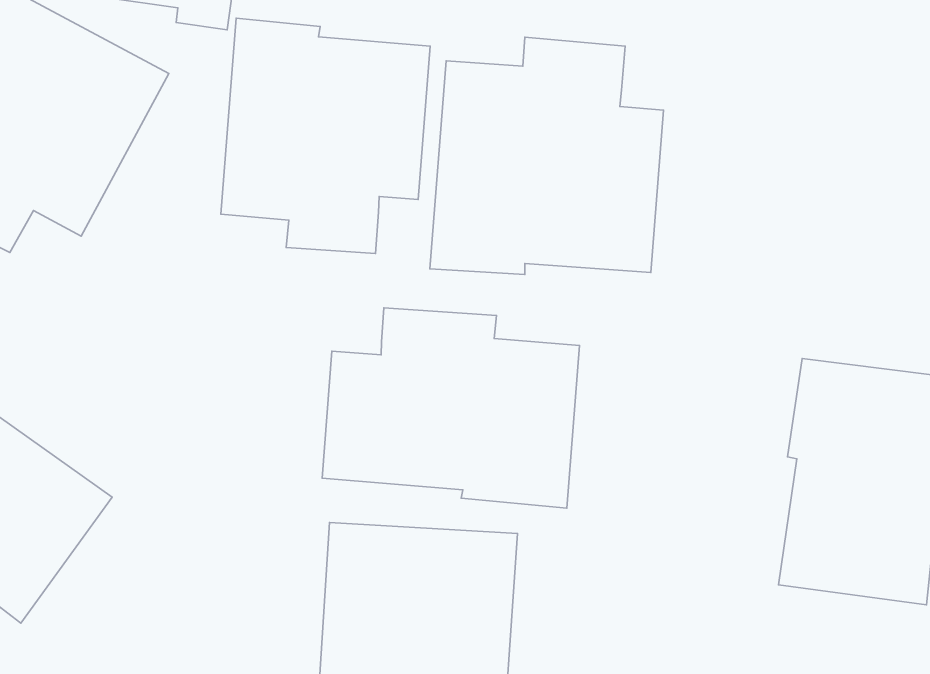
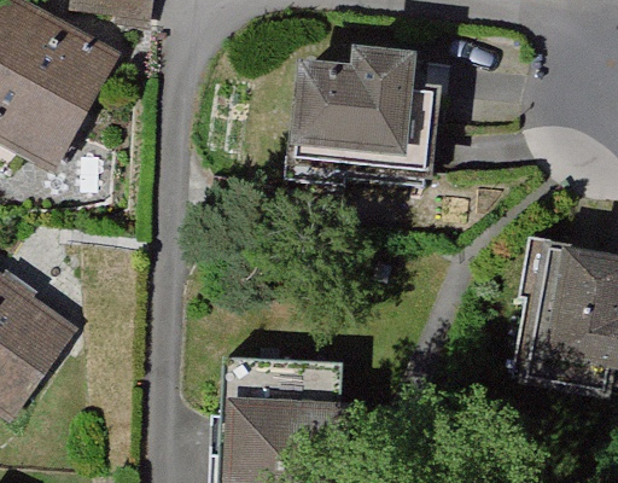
building: [221,18,430,253] -> none
building: [322,308,580,508] -> none

